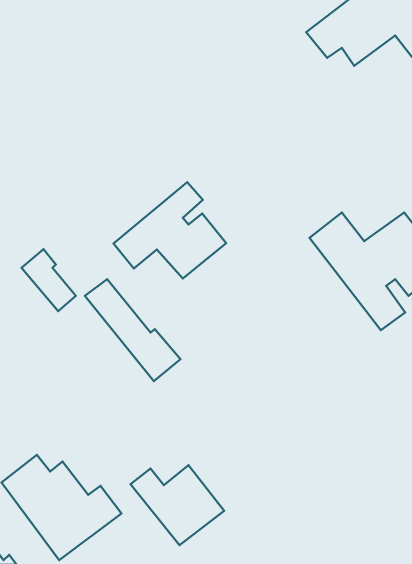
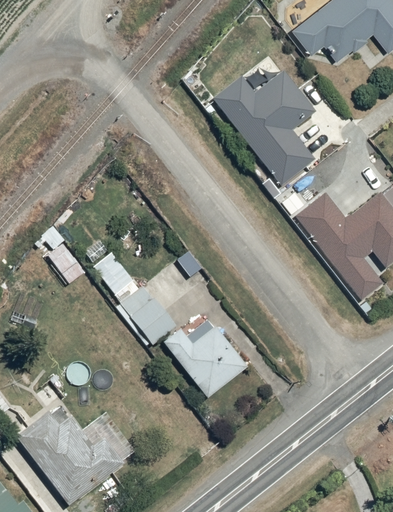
building: none -> [212,71,315,186]
building: [113,182,226,278] -> none
building: [131,465,224,545] -> [165,326,249,398]

